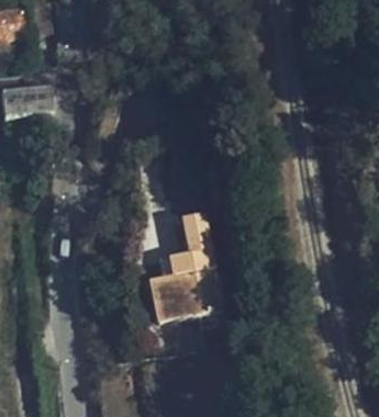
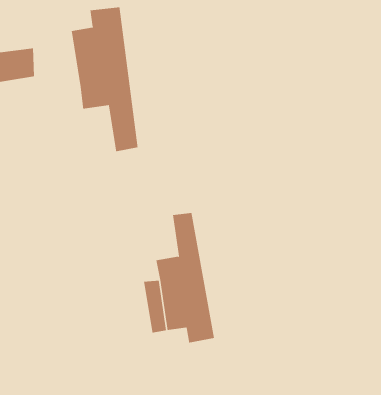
building: none -> [71,6,138,152]

